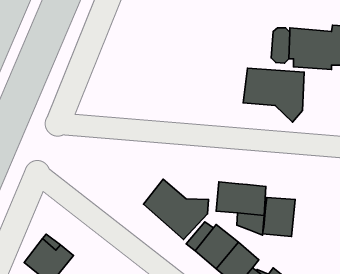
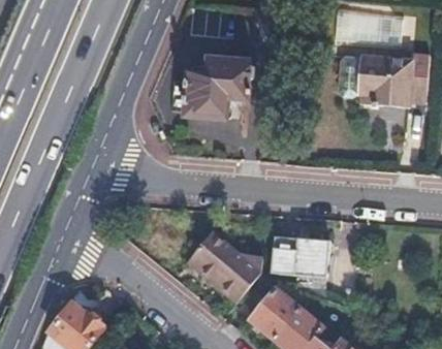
building: none -> [186,57,252,117]
building: [243,68,304,122] -> none
building: [263,197,295,237] -> none

